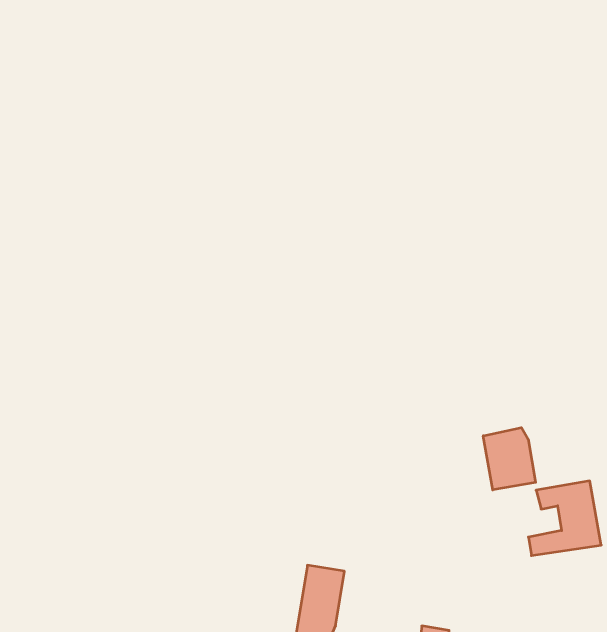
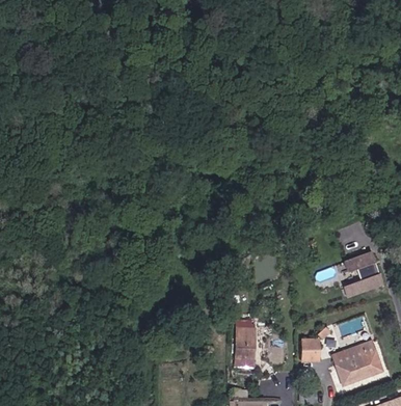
building: [483,428,536,490] -> none

